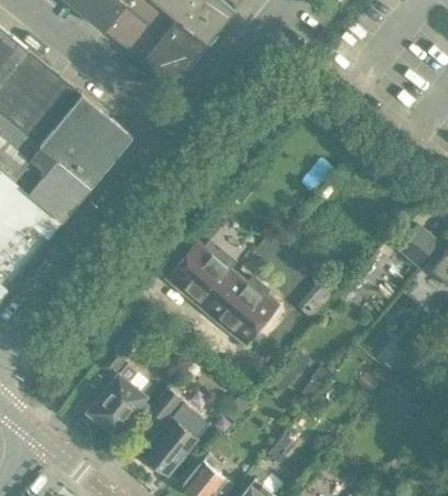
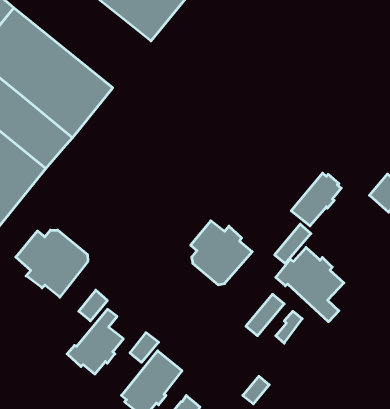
building: none -> [291,173,341,226]
building: [154,231,233,300] -> none
building: none -> [16,230,88,297]
building: none -> [276,247,344,322]

